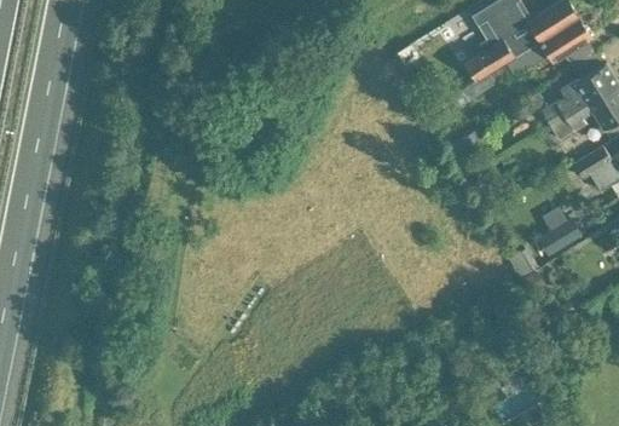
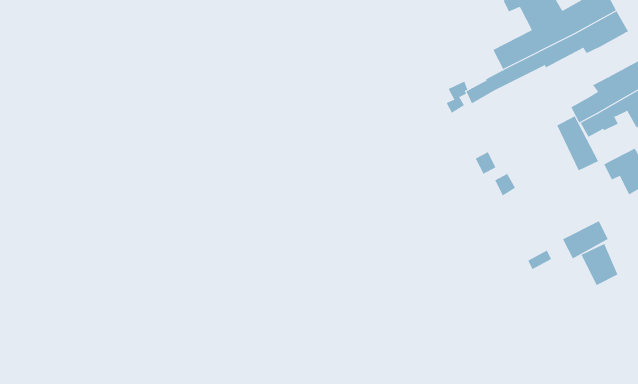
building: none -> [556,116,599,171]
building: none -> [581,243,618,286]

